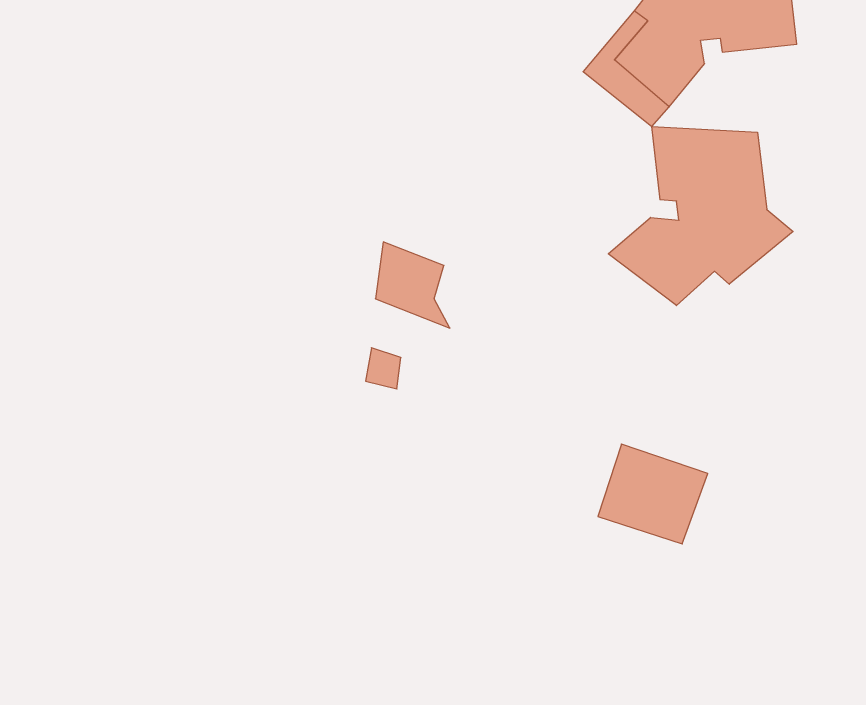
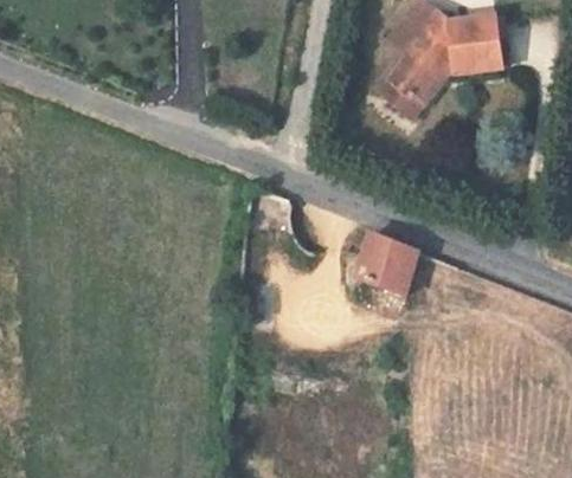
building: [608,126,793,306] -> none
building: [598,444,708,544] -> [347,227,413,288]

